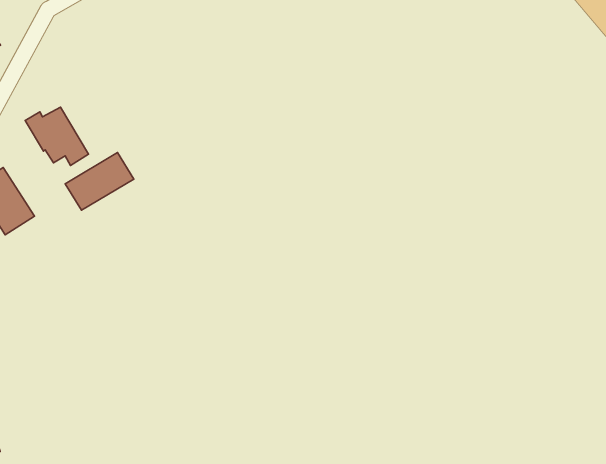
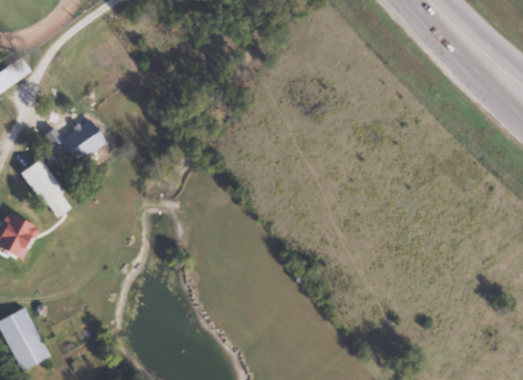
building: [65,152,134,210] -> none

